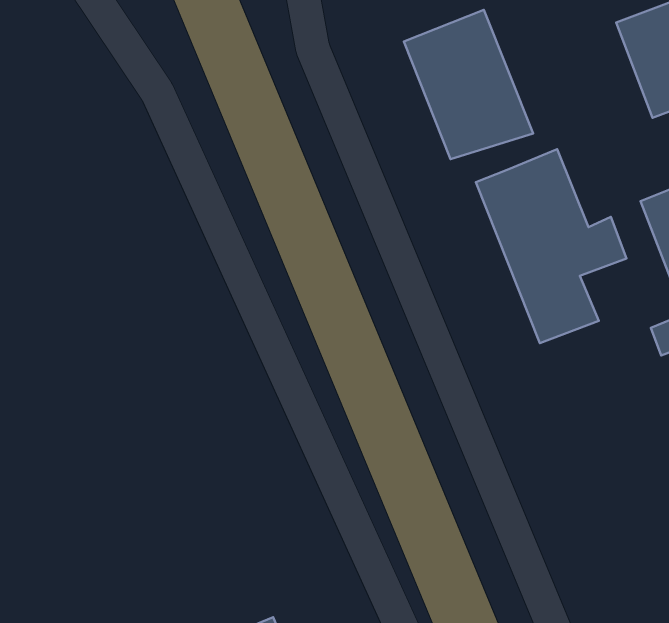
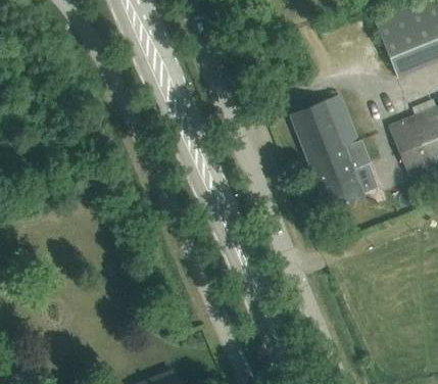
building: [404,10,533,159] -> none

